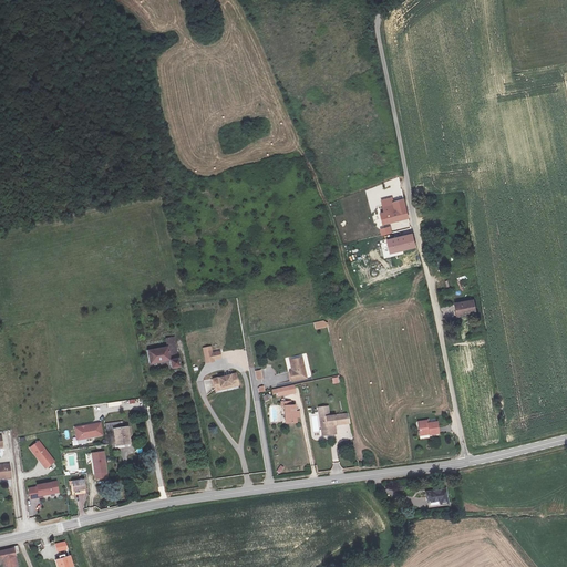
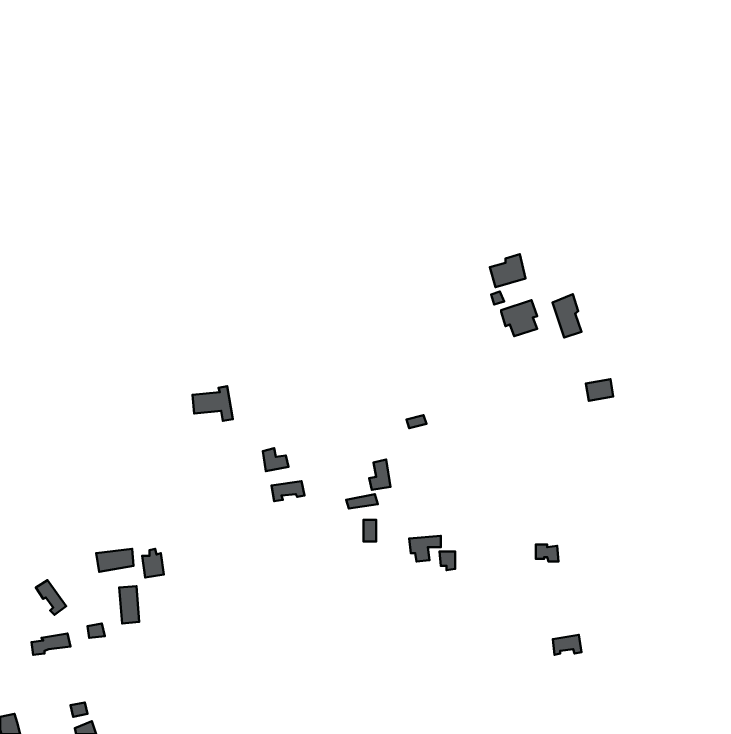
building: none -> [553,294,582,338]
building: [147,339,178,365] -> [193,386,233,421]

